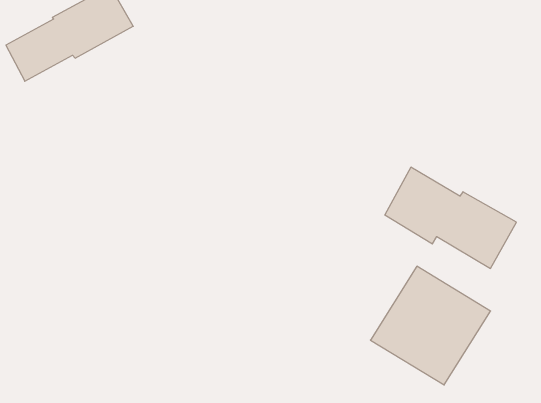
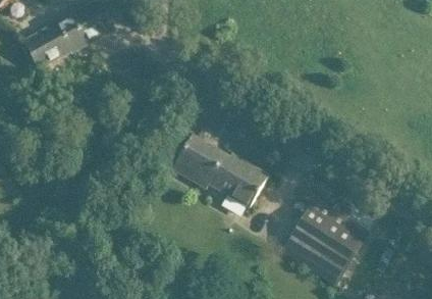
building: [385,167,516,268] -> [177,134,270,205]

